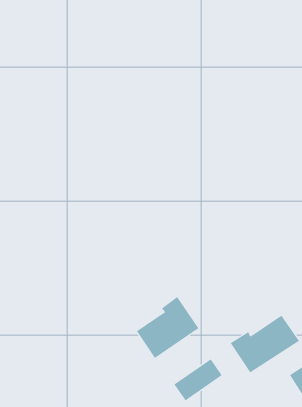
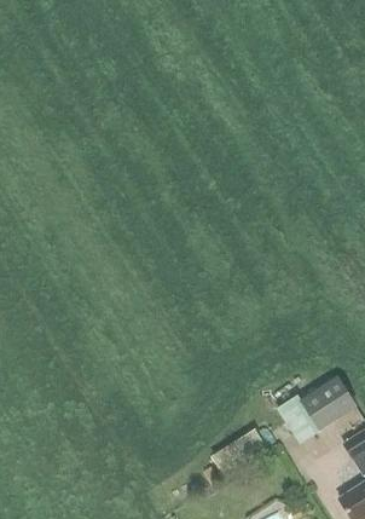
building: [136,296,199,359] -> none

